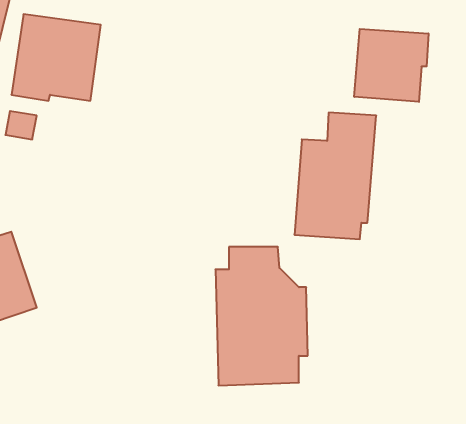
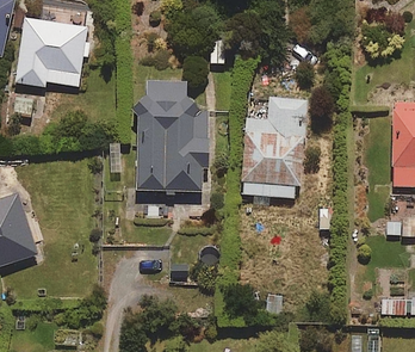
building: [354,29,428,102] -> none
building: [215,247,308,385] -> [136,81,210,192]

